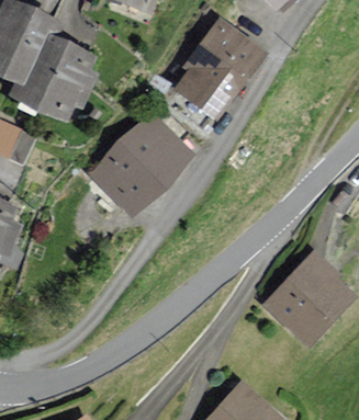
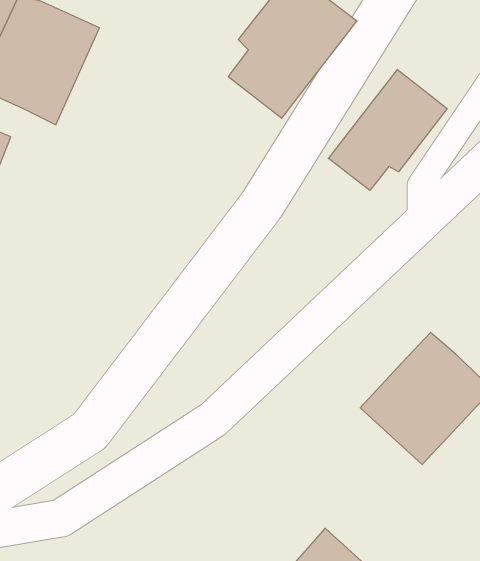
building: none -> [328,69,447,190]
building: [93,117,188,212] -> none

